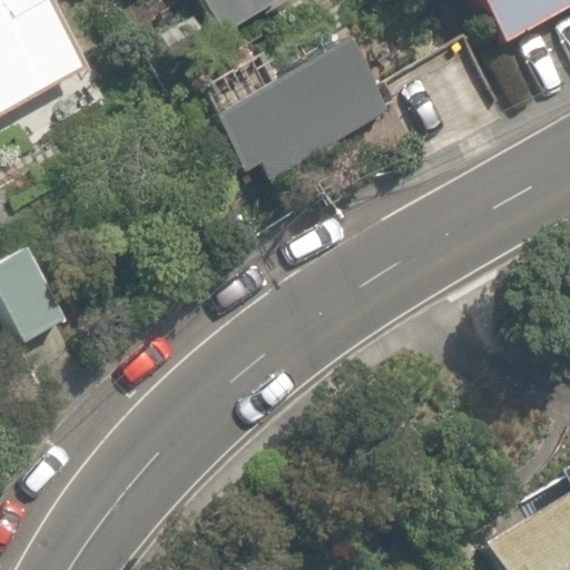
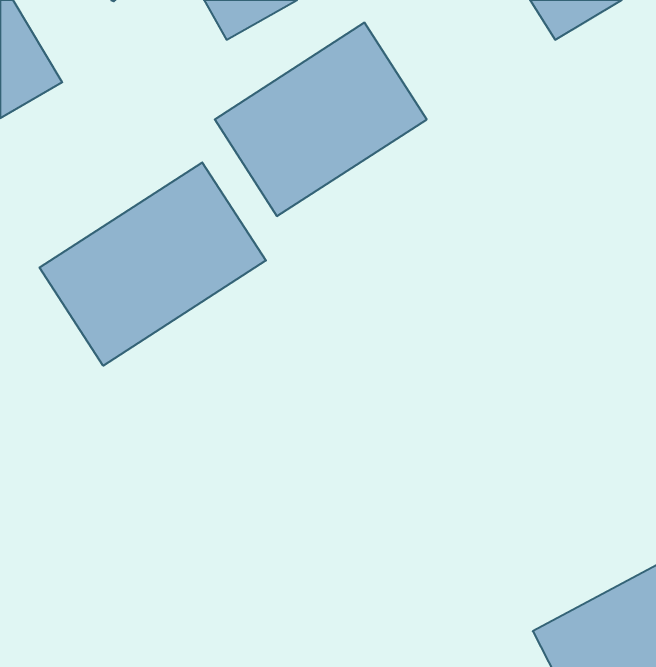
building: none -> [40,162,266,366]

